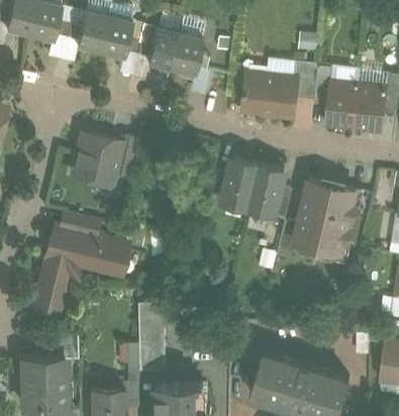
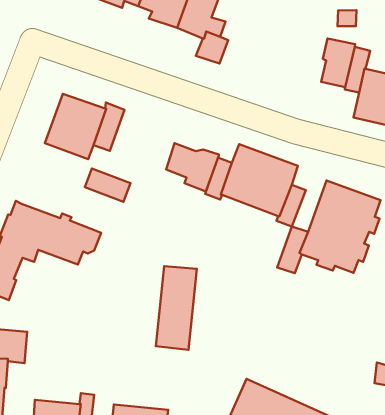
building: [241,74,296,117] -> none
building: none -> [166,143,219,191]
building: [59,212,96,236] -> [85,169,131,202]
building: [136,303,165,371] -> [156,266,197,350]

